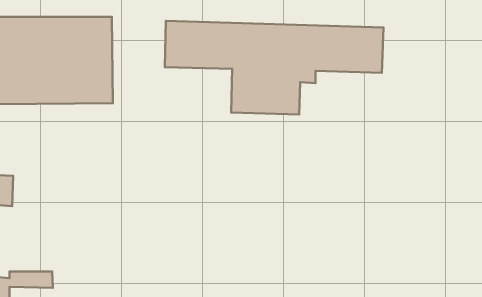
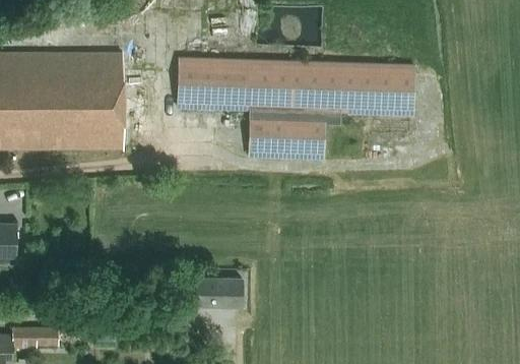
building: none -> [197,278,242,305]

